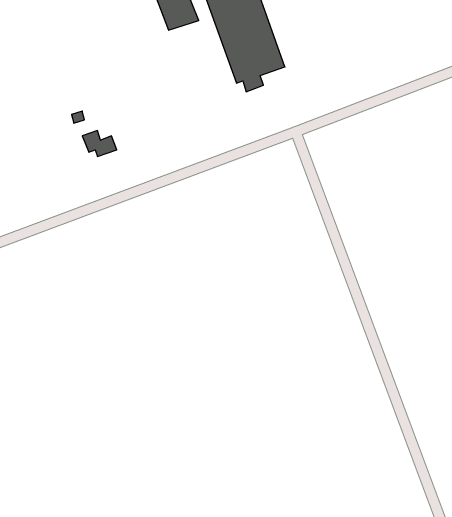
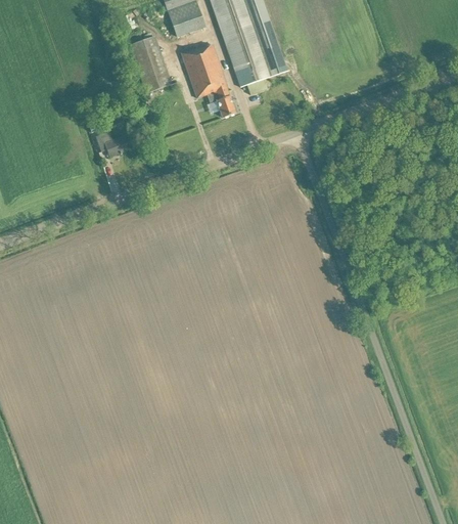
building: none -> [130,36,170,92]
building: none -> [182,42,236,117]

